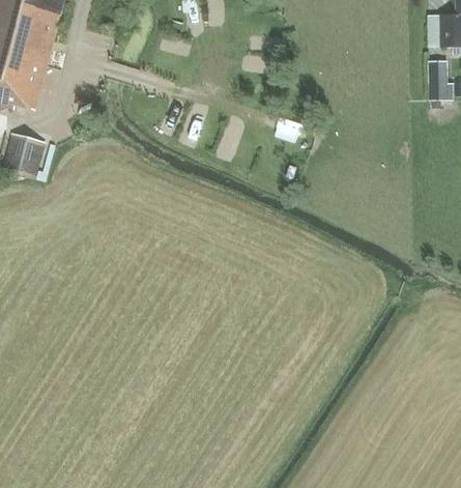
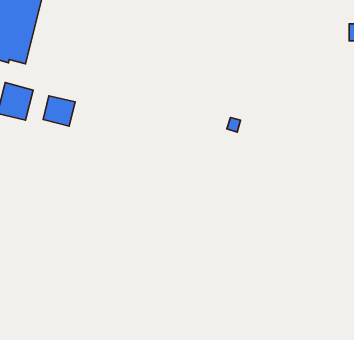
building: none -> [43,96,75,126]

